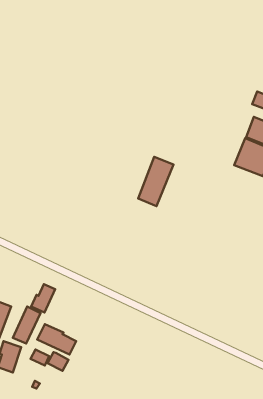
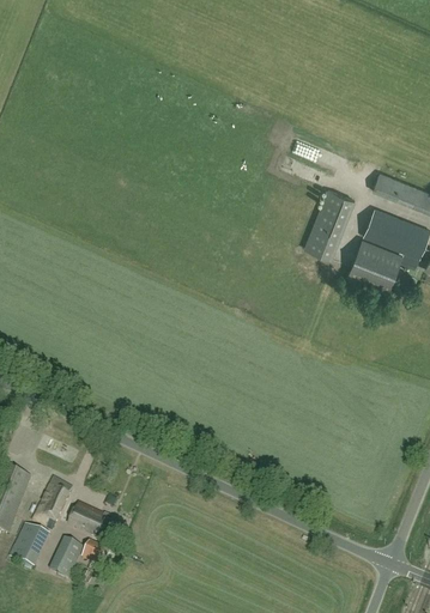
building: [138,157,174,206] -> [304,189,355,259]
building: [31,284,55,313] -> none

